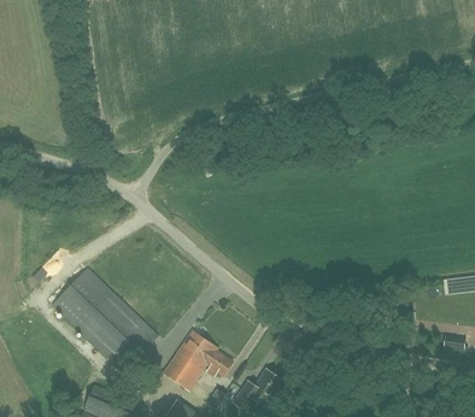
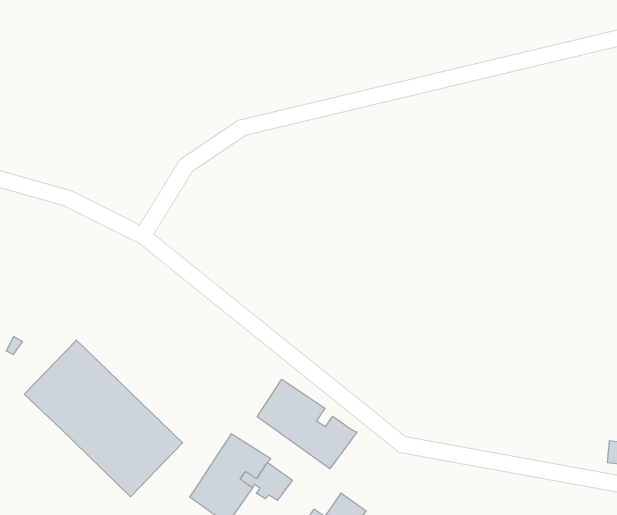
building: none -> [257,379,357,469]

